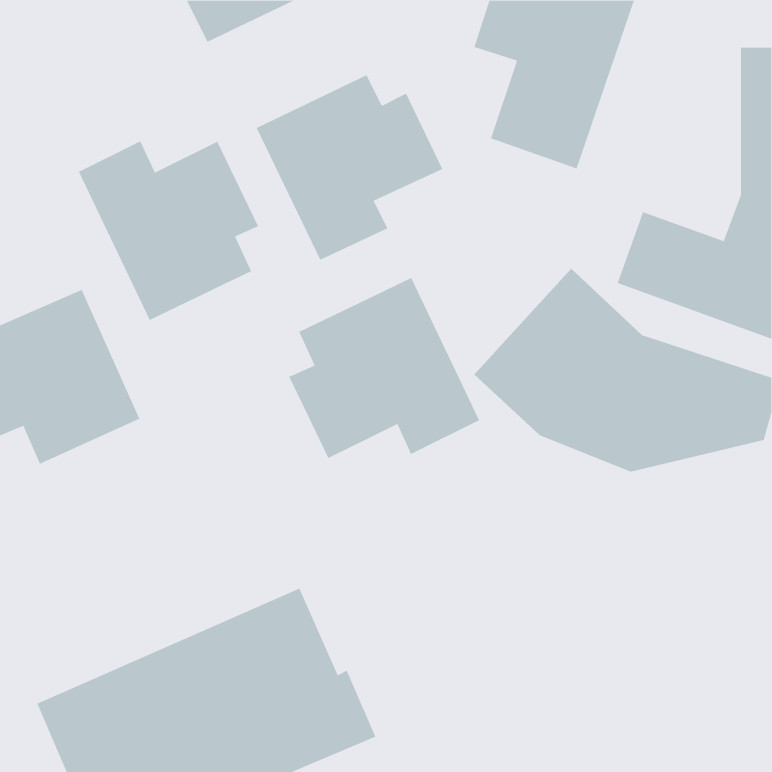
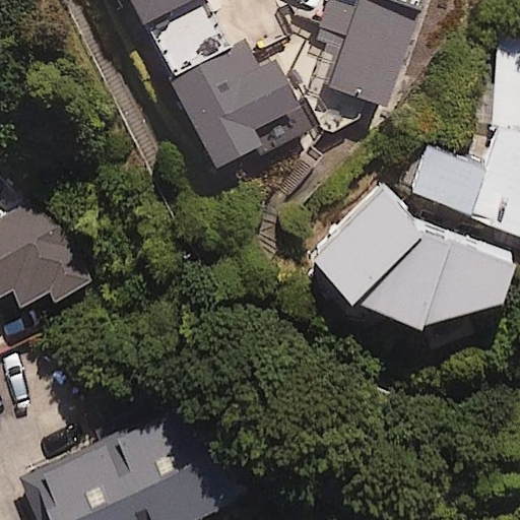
building: [78,141,259,321] -> none
building: [289,277,480,459] -> none

